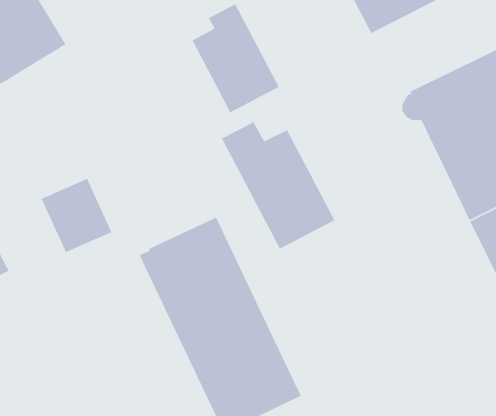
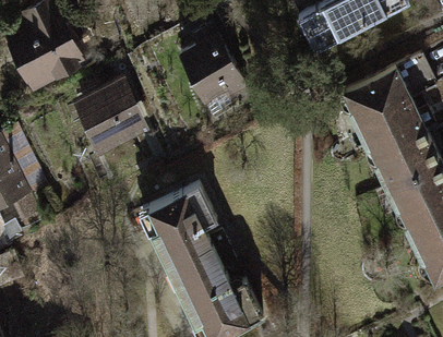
building: [221,121,336,250] -> none
building: [40,178,112,253] -> [84,88,137,144]

